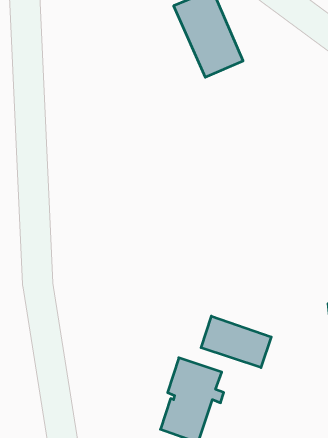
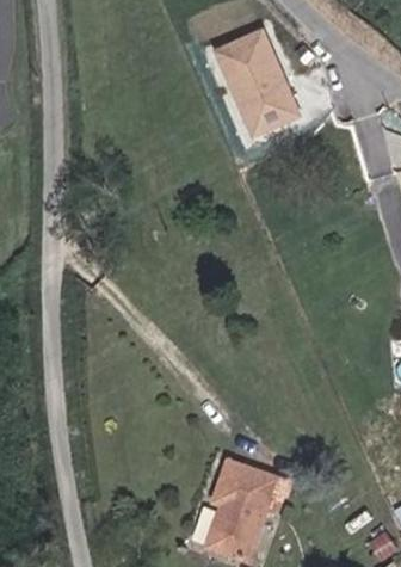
building: [201,316,271,368] -> none

